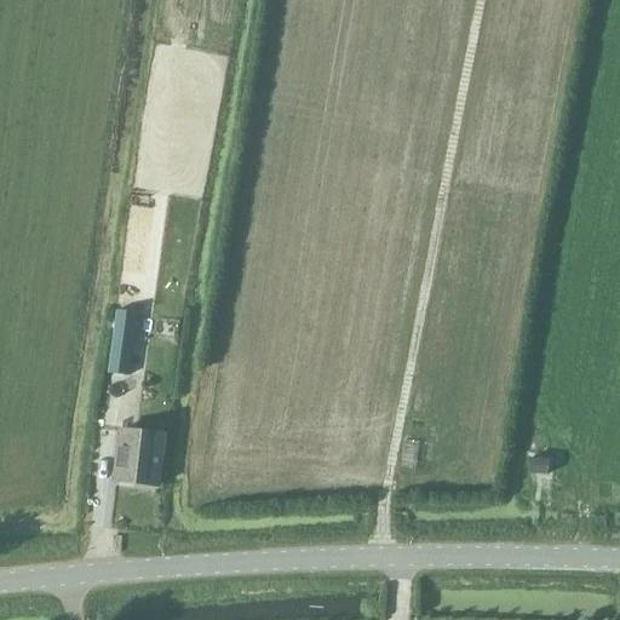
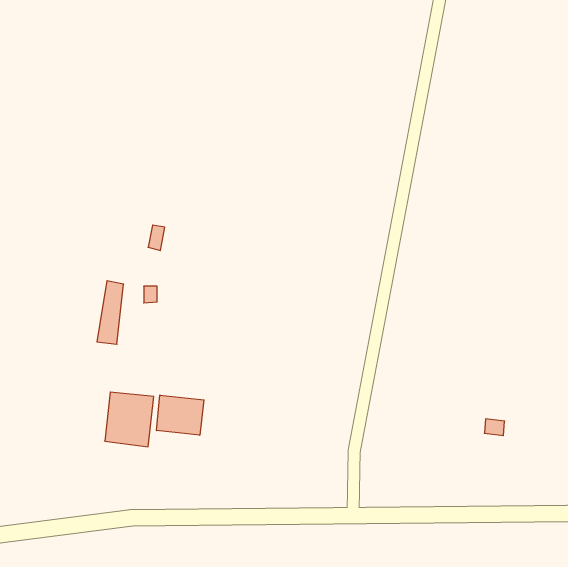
building: none -> [157,395,204,435]

